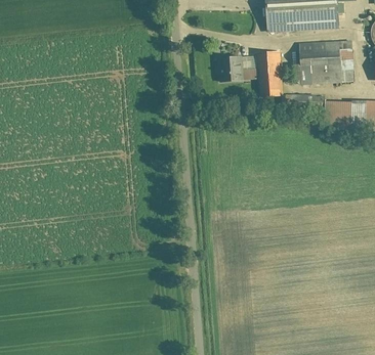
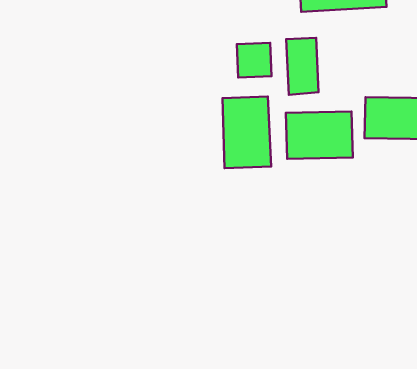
building: [299,40,355,79] -> [286,112,353,159]
building: none -> [223,96,271,168]

